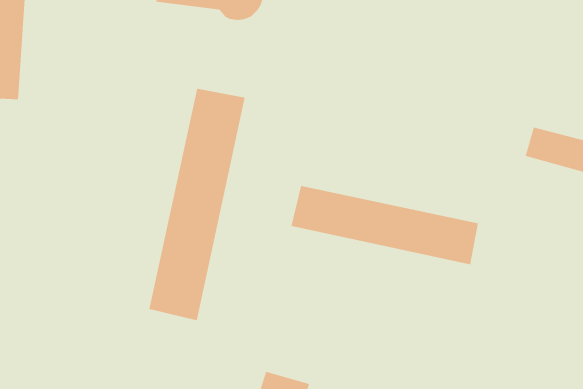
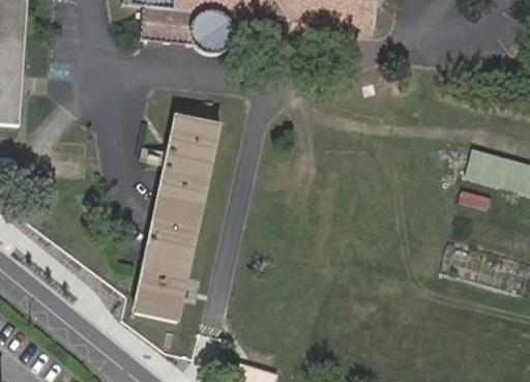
building: [291,185,479,265] -> none

